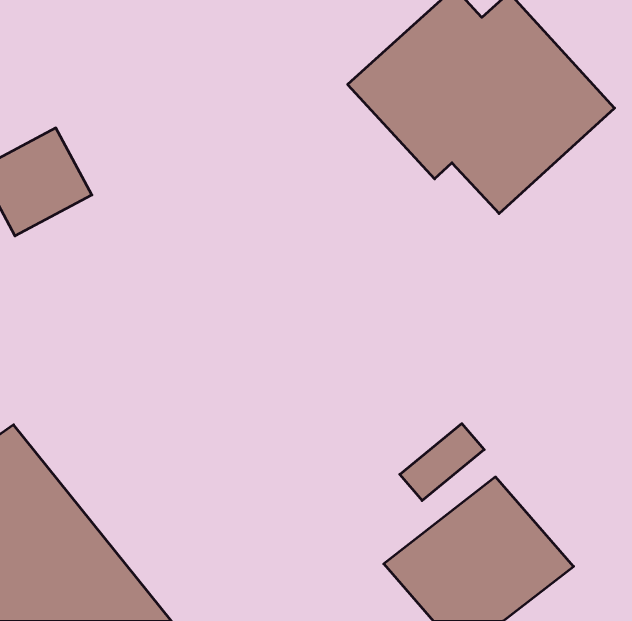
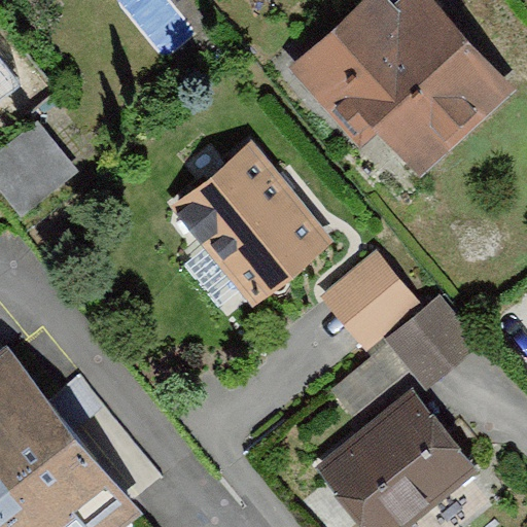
building: none -> [171,145,330,308]
building: none -> [322,252,416,346]
building: none -> [388,301,477,388]

